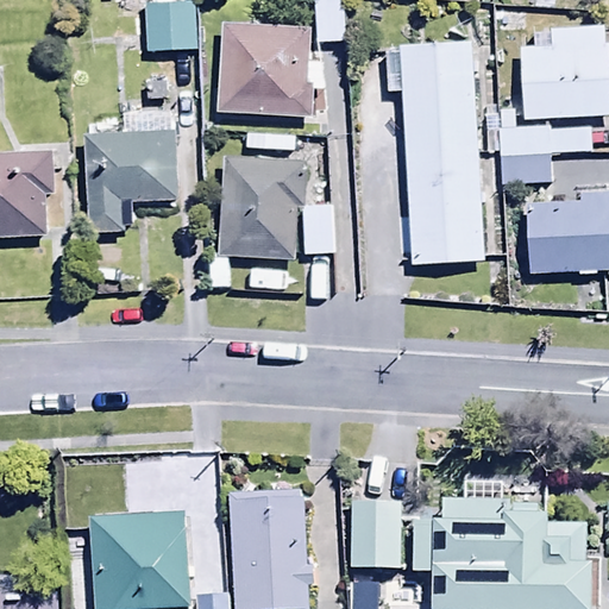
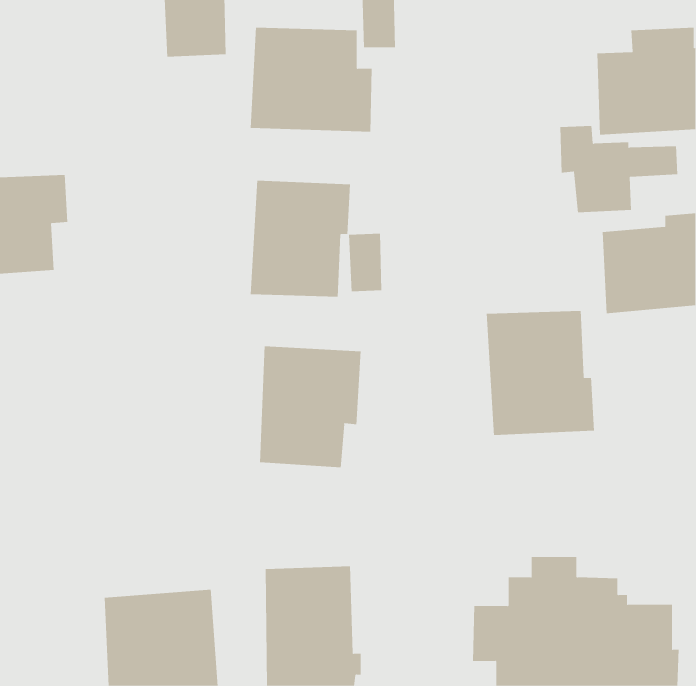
building: [387,44,484,264] -> none
building: [84,112,175,233] -> none
building: none -> [486,310,595,436]
building: none -> [259,346,361,468]
building: [351,501,403,580] -> none

